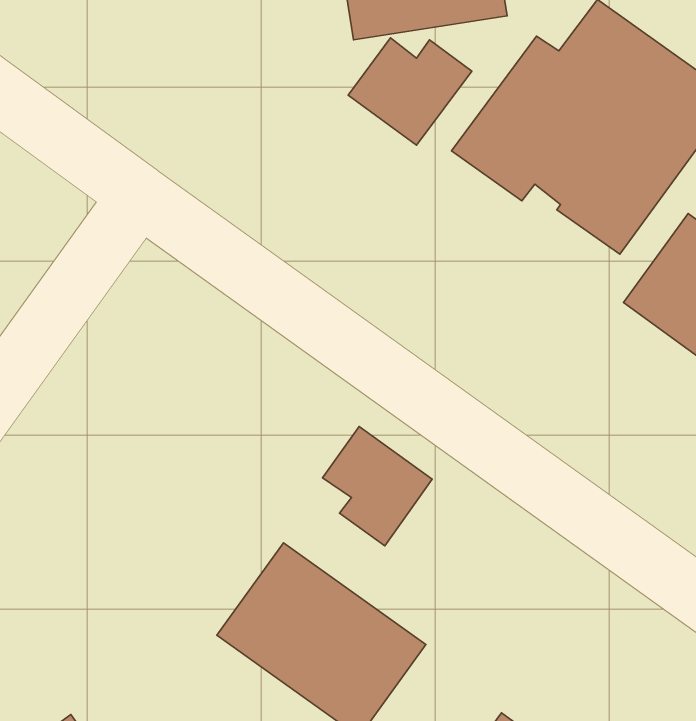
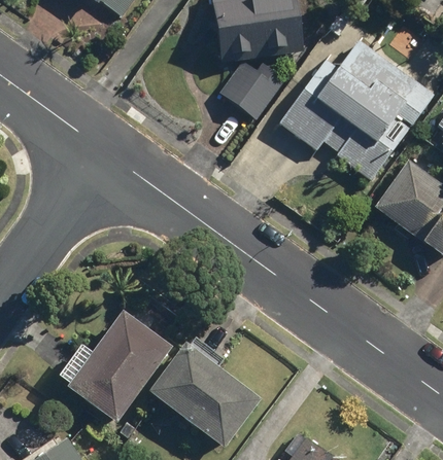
building: [323,426,432,546] -> none
building: none -> [66,310,172,423]

